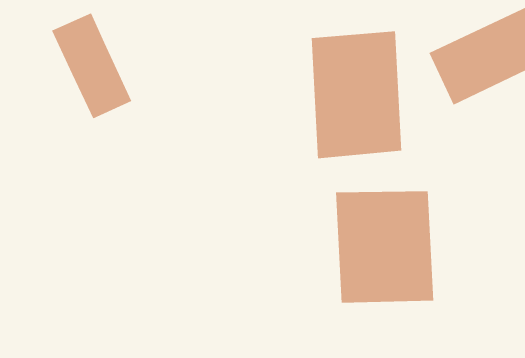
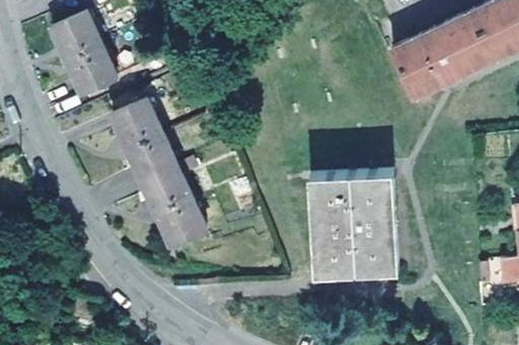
building: [311,31,402,159] -> none
building: none -> [113,100,206,248]

